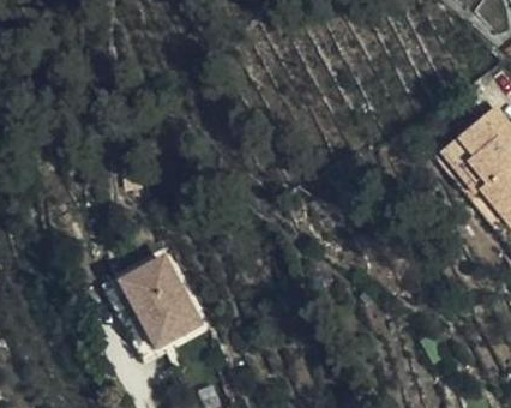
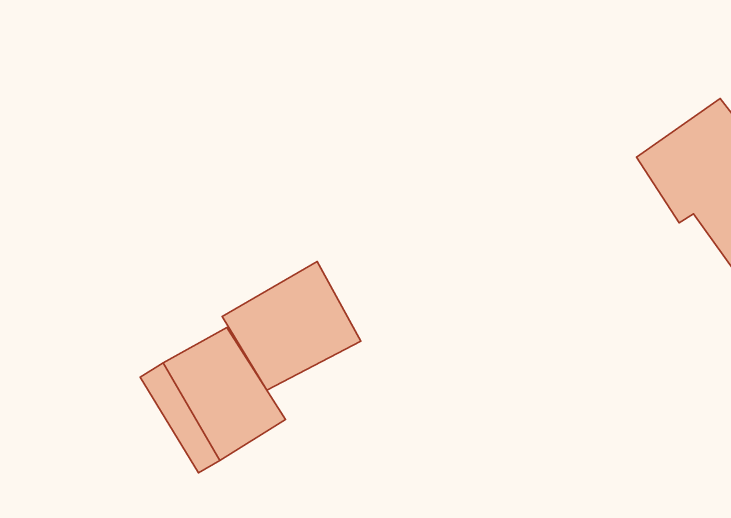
building: none -> [222,261,361,390]

